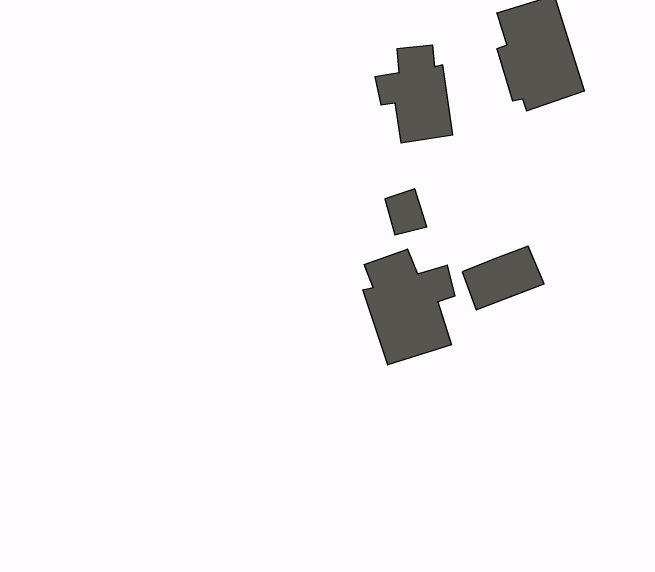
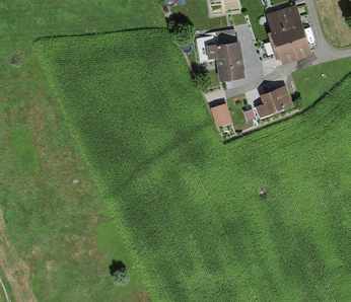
building: [462,246,544,310] -> [251,86,292,119]
building: [363,249,455,365] -> none

